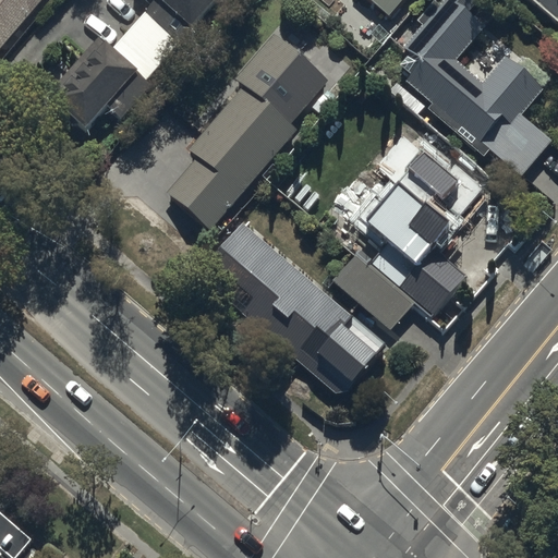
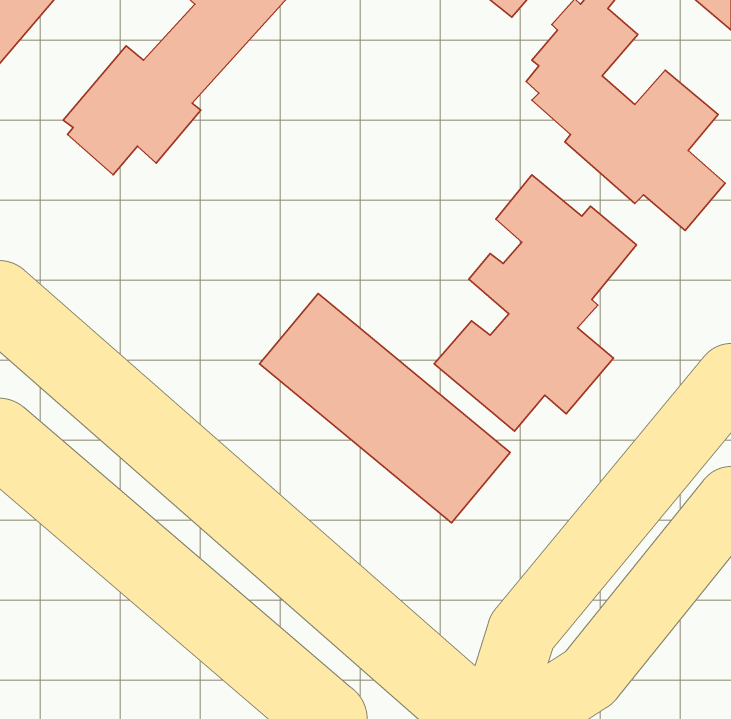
building: [157,27,329,243] -> none

